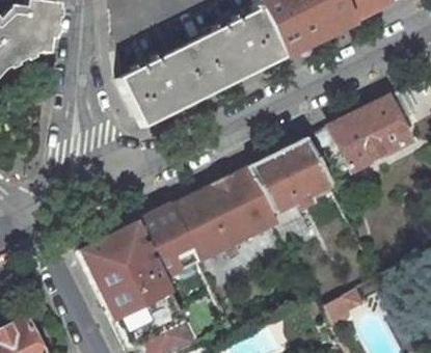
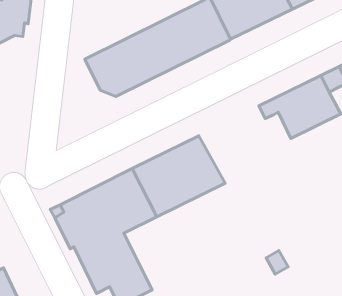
building: [247,138,330,227] -> none

